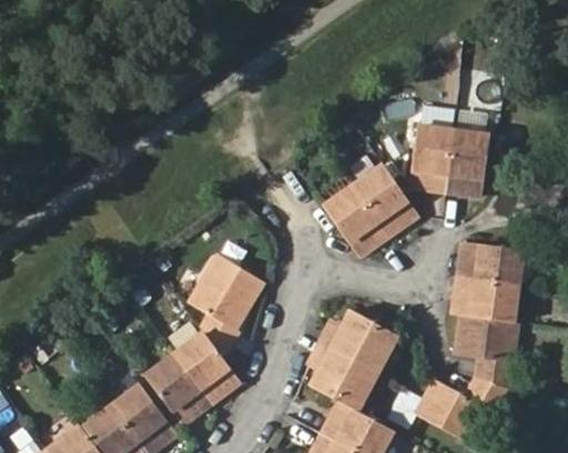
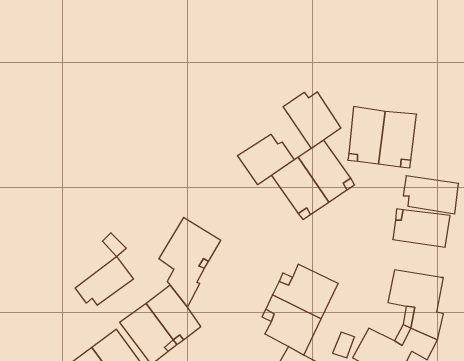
building: none -> [283,92,341,148]
building: none -> [238,134,294,185]
building: [457,279,521,323] -> [403,176,459,214]
building: none -> [75,257,134,305]

